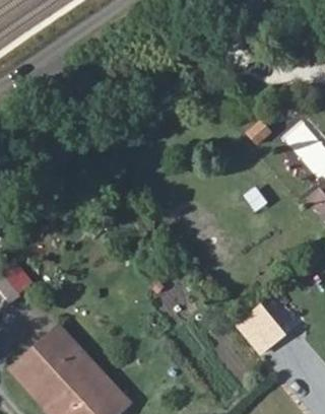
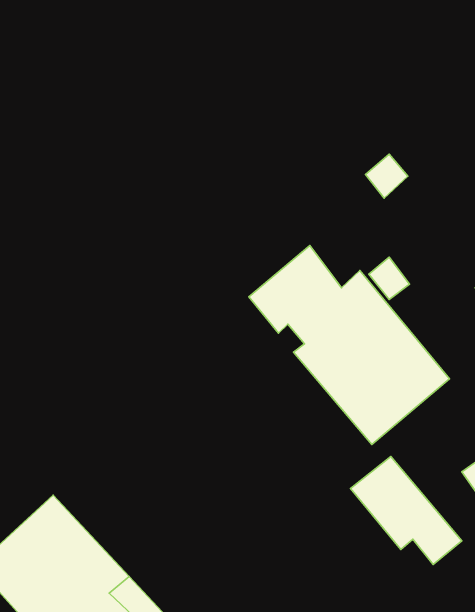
building: none -> [249,246,450,444]

